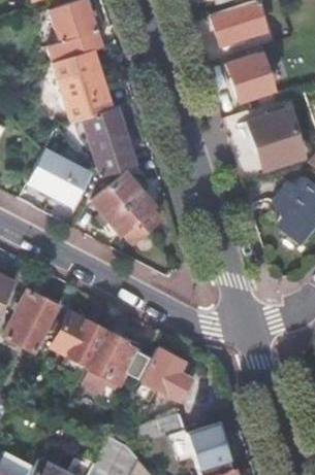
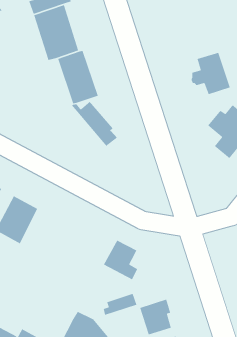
building: [227,52,276,101] -> none
building: [30,150,89,203] -> none
building: [92,177,146,242] -> none
building: [52,311,103,364] -> none
building: [82,331,137,397] -> none

